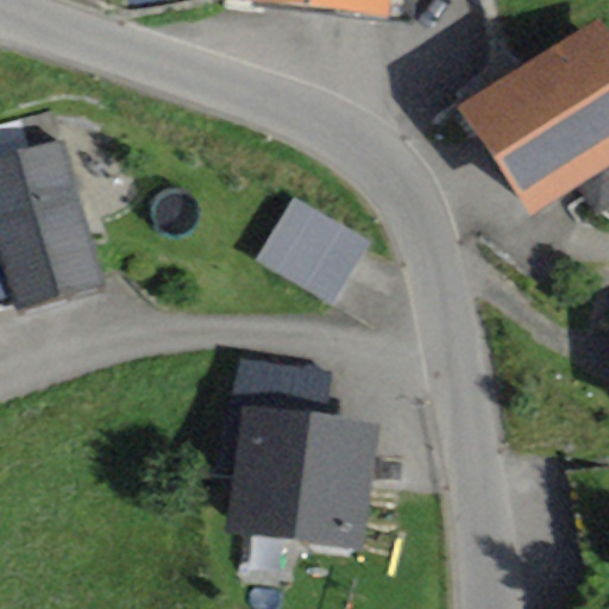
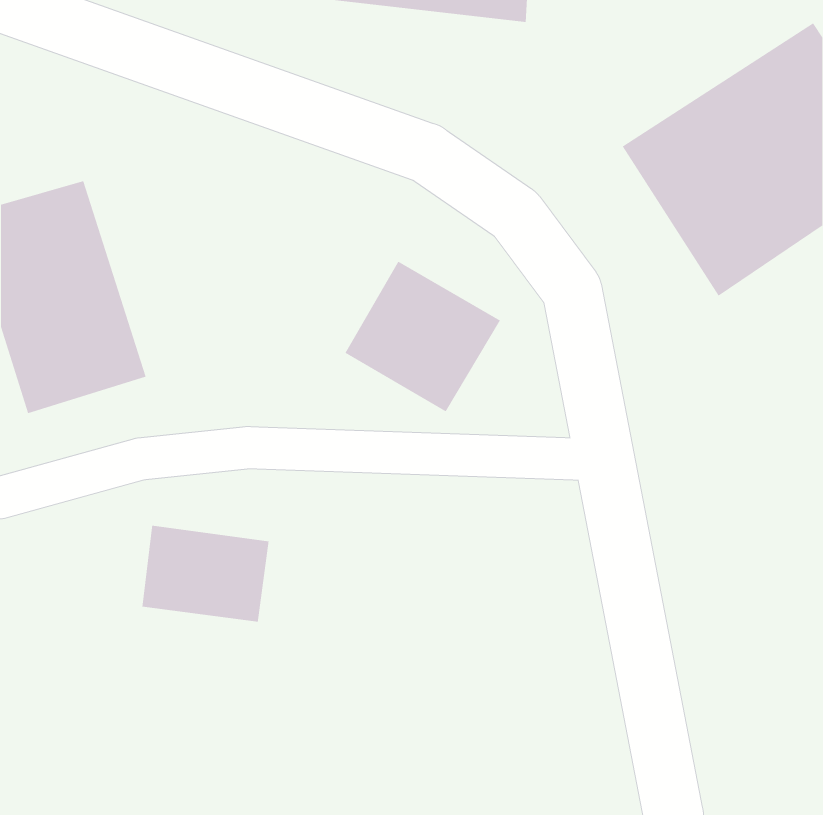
building: none -> [142,525,269,622]
building: [222,401,377,550] -> none

